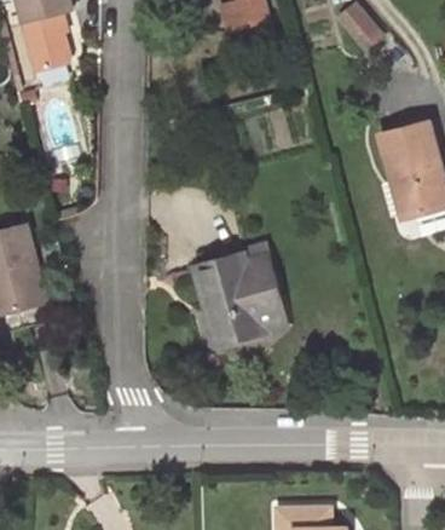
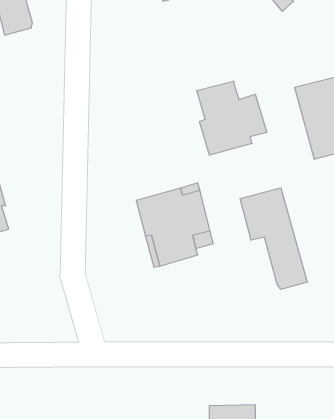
building: none -> [197,81,267,155]
building: none -> [240,188,307,289]

